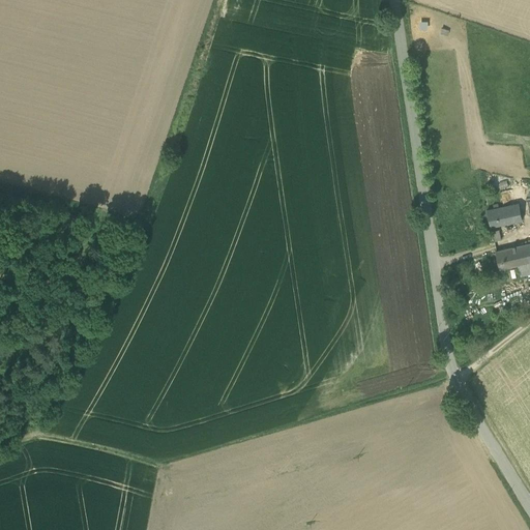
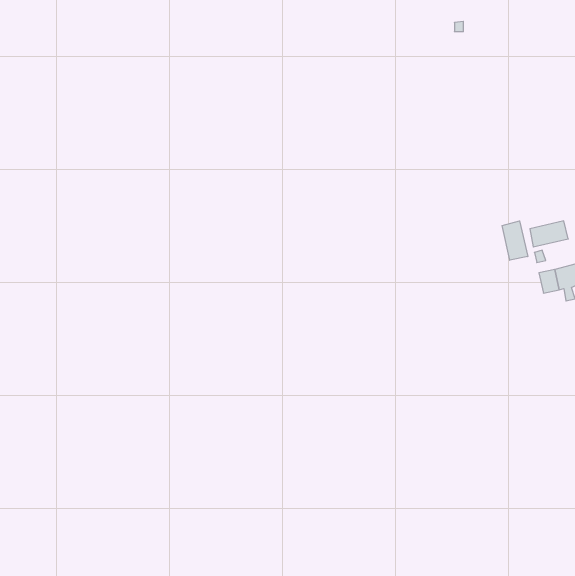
building: none -> [502,221,528,260]

